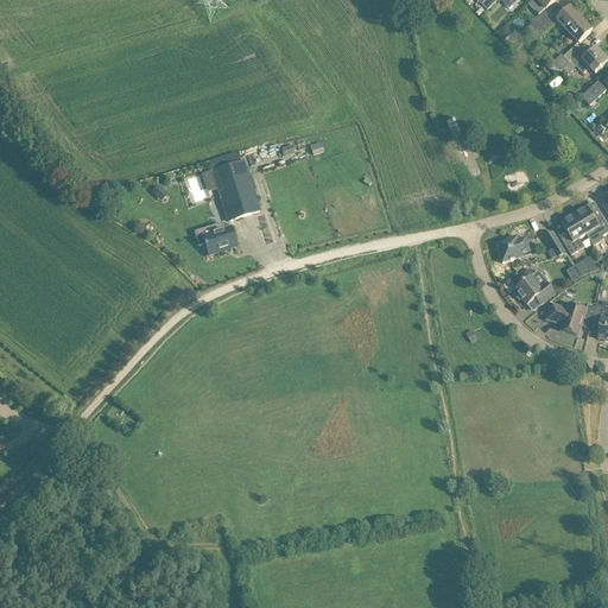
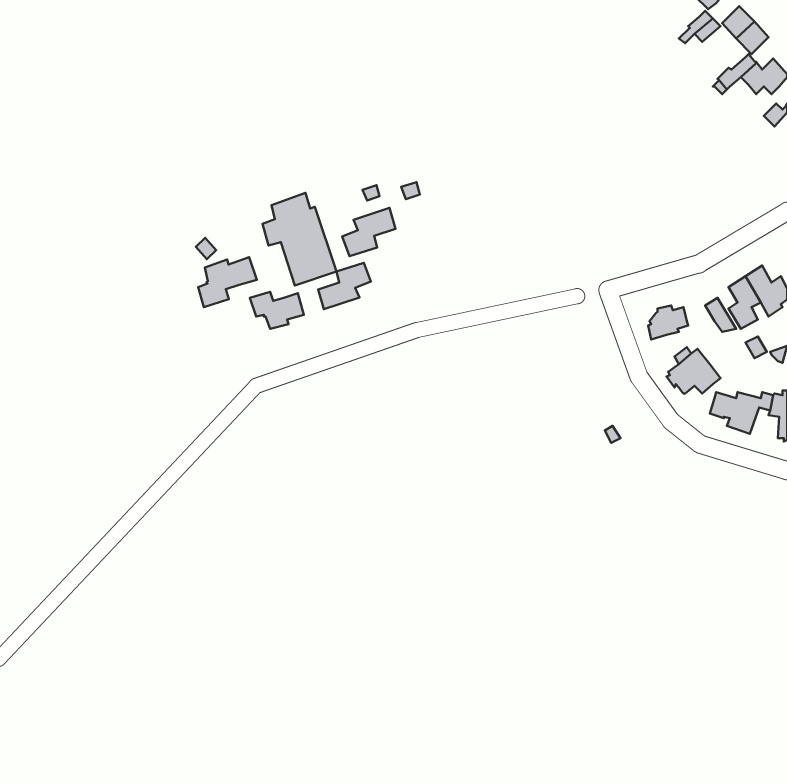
building: none -> [342,208,395,256]
building: none -> [198,257,257,307]
building: none -> [318,263,371,309]

